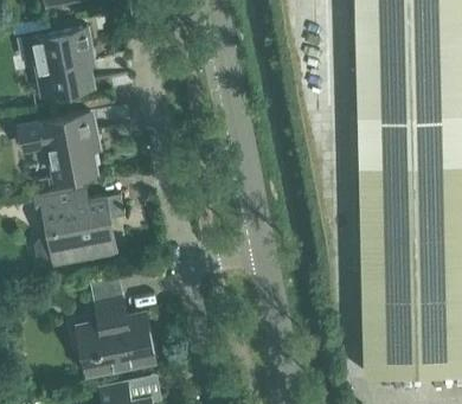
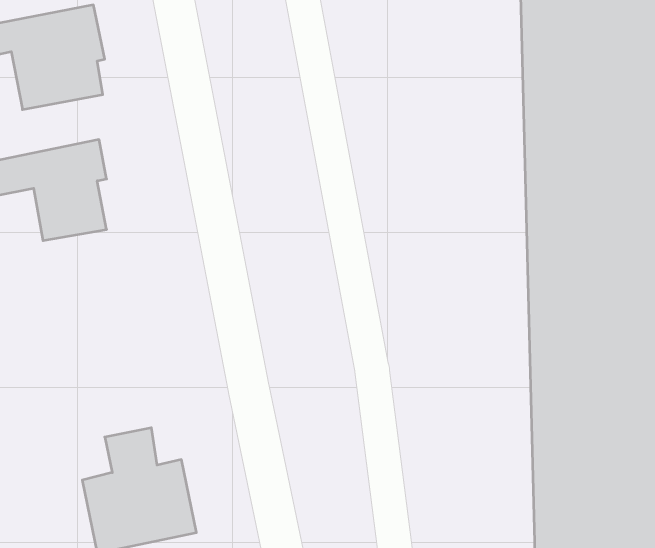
building: [33,187,124,265] -> none

